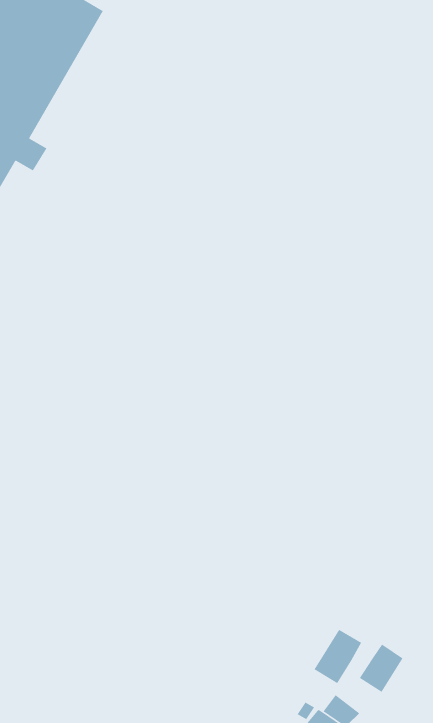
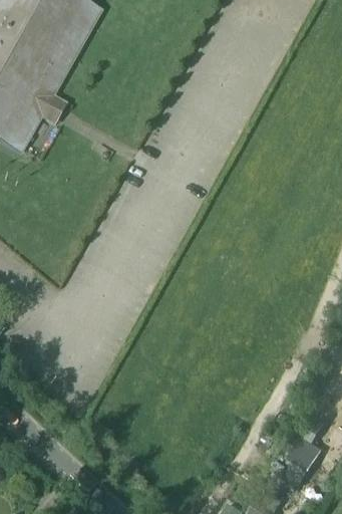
building: [314,629,362,684] -> none

